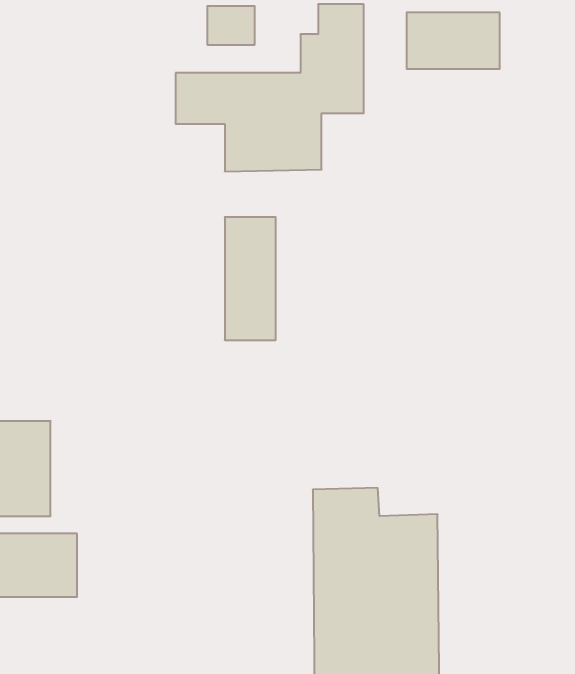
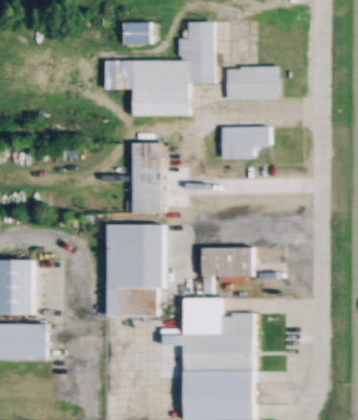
building: [407,13,500,69] -> [225,66,278,98]
building: none -> [219,126,268,159]
building: none -> [106,224,164,316]
building: none -> [201,247,253,293]

